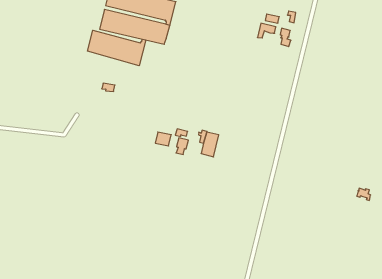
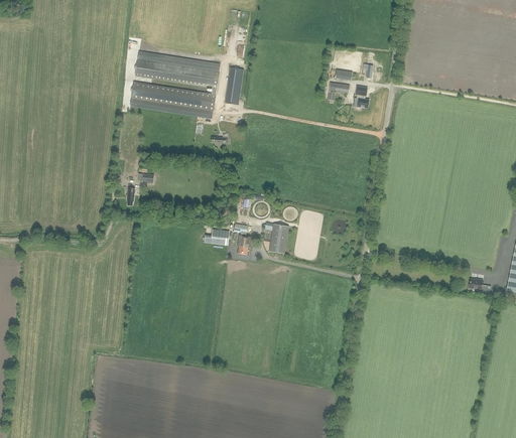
building: none -> [224,66,243,104]
building: [87,30,146,66] -> none

